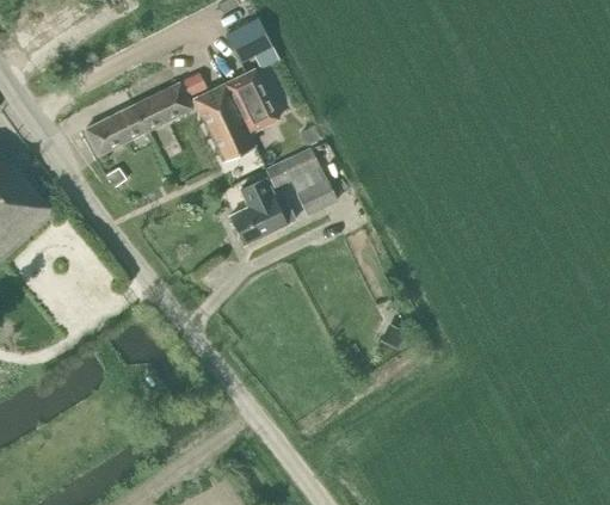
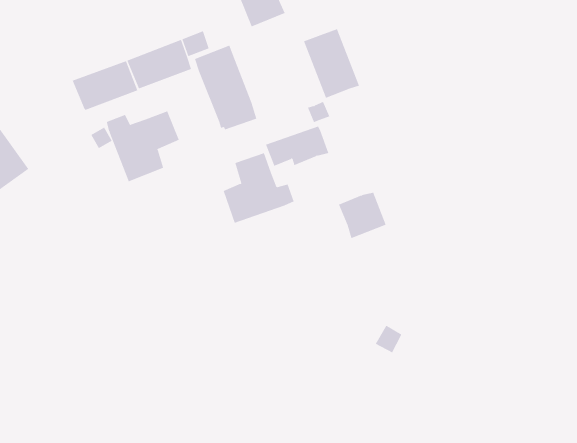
building: [224,68,279,133] -> [303,28,360,99]
building: none -> [106,110,179,182]
building: [292,172,338,216] -> [338,192,387,239]

